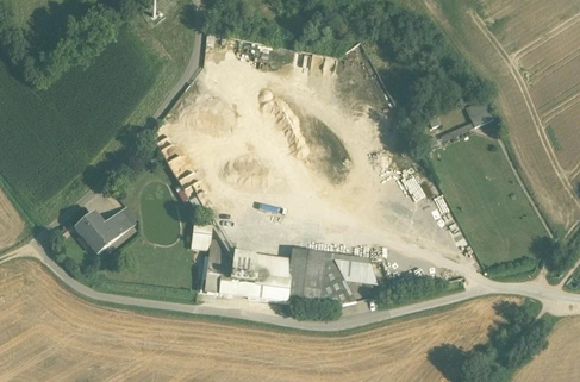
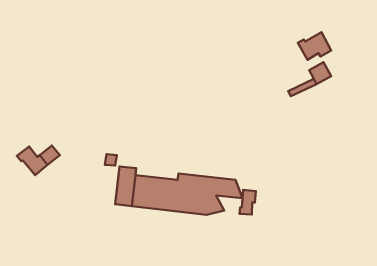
building: none -> [298,32,331,60]
building: none -> [240,190,256,214]

